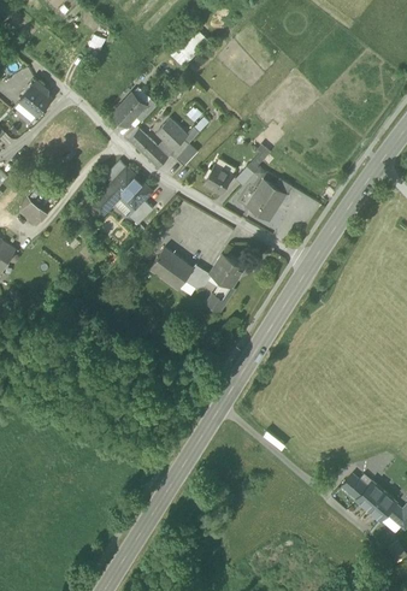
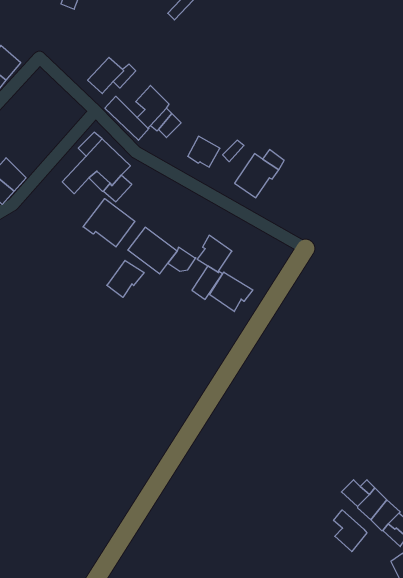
building: none -> [83,199,135,247]
building: none -> [107,260,144,297]
building: none -> [209,272,253,312]
building: none -> [334,510,367,552]

